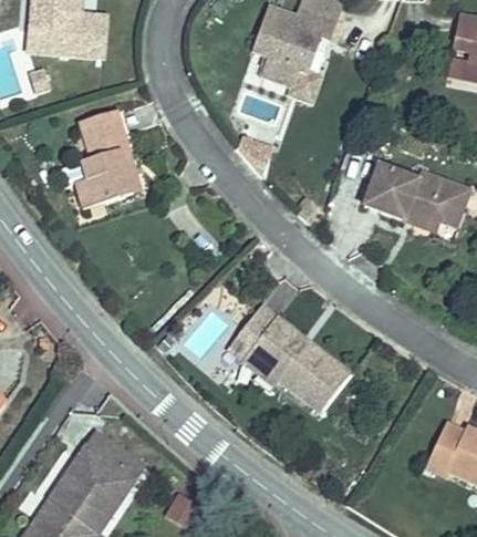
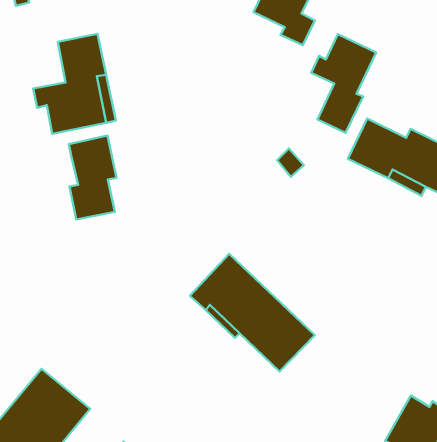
building: none -> [311,34,376,133]
building: none -> [69,135,117,220]

